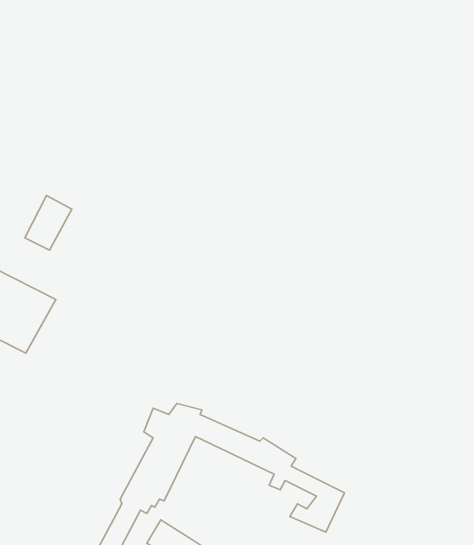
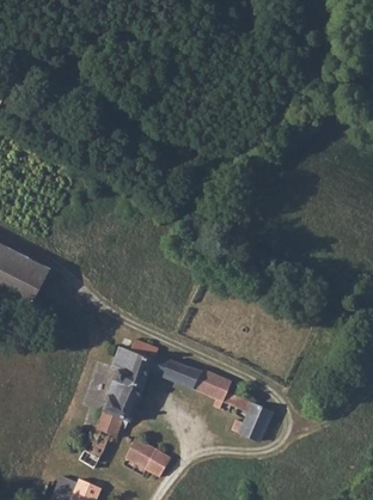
building: [25,196,72,250] -> none

